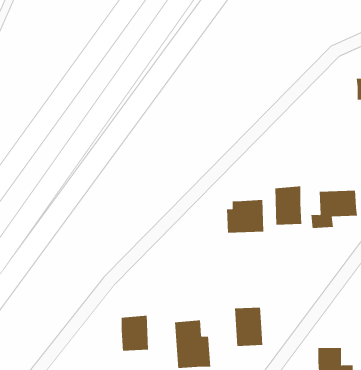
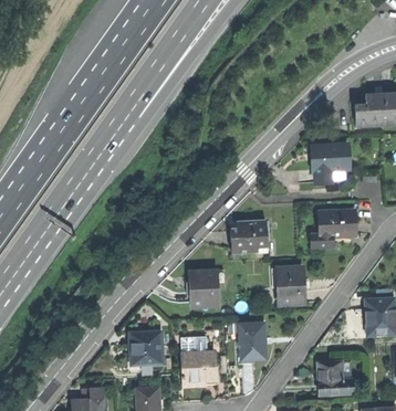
building: none -> [313,144,350,181]
building: [274,186,302,225] -> [277,266,303,304]
building: none -> [189,268,219,307]

